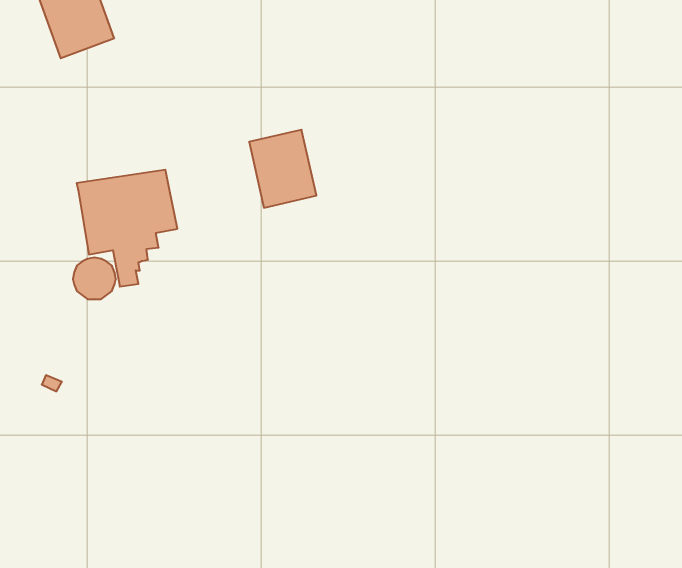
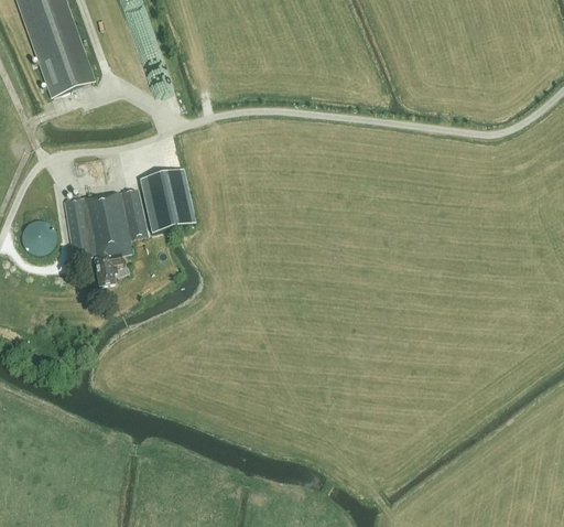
building: [249,130,316,208] -> [139,169,194,233]
building: [73,258,116,299] -> [21,219,56,254]

